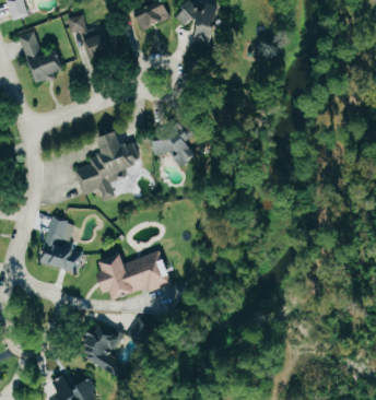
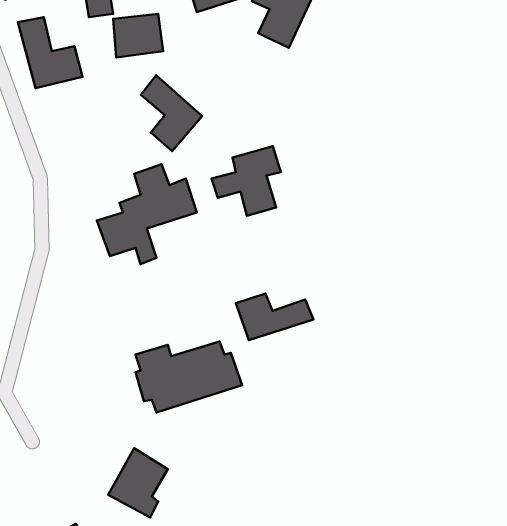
building: none -> [141,75,202,151]
building: [38,217,82,273] -> none
building: none -> [236,293,313,340]

